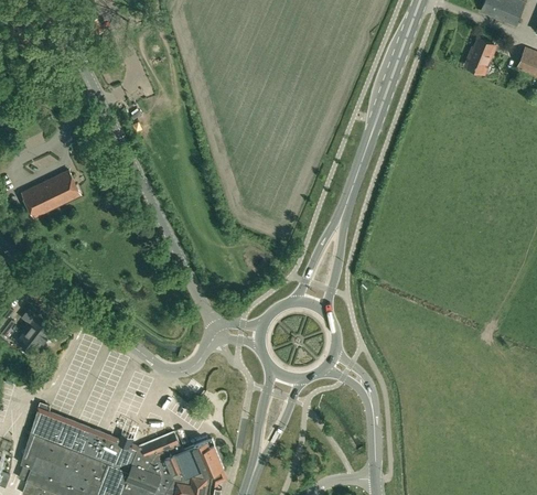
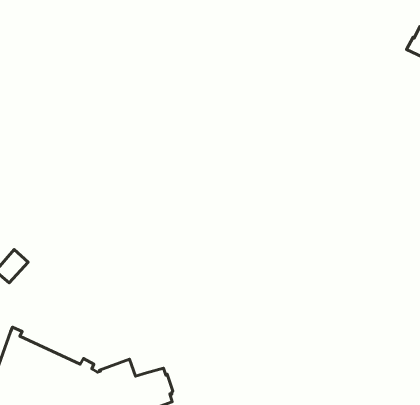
building: [22,171,80,217] -> none

